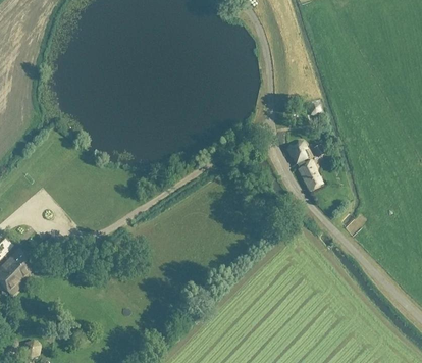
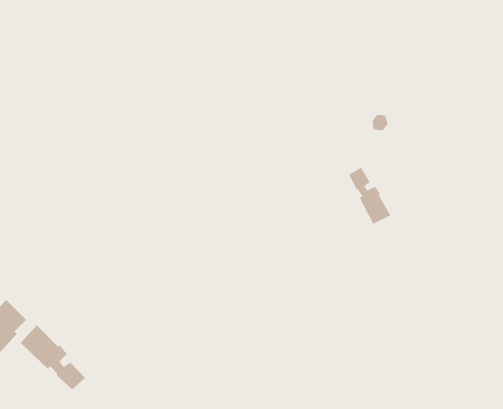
building: none -> [20,325,86,390]

